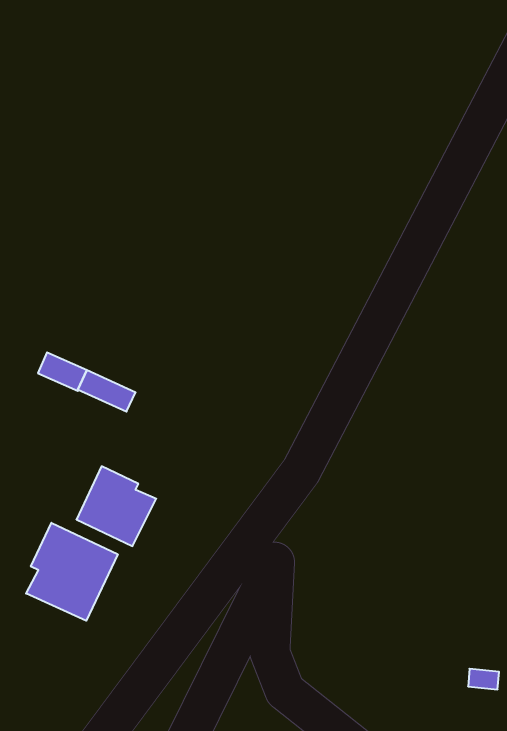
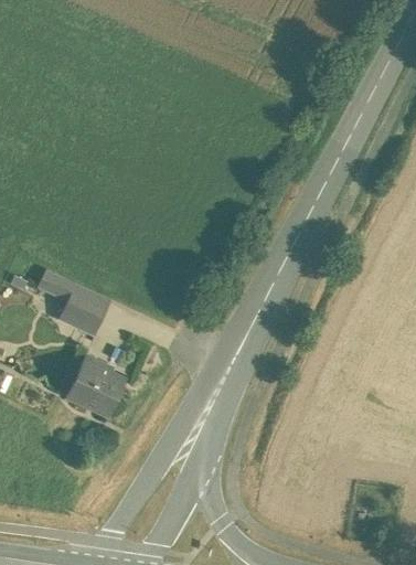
building: none -> [58,299,104,335]
building: [26,523,118,621] -> none

